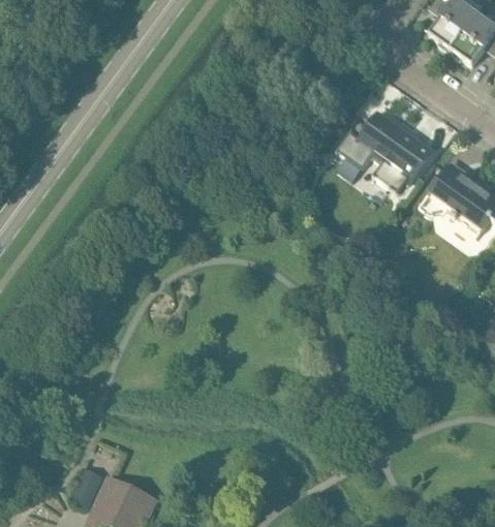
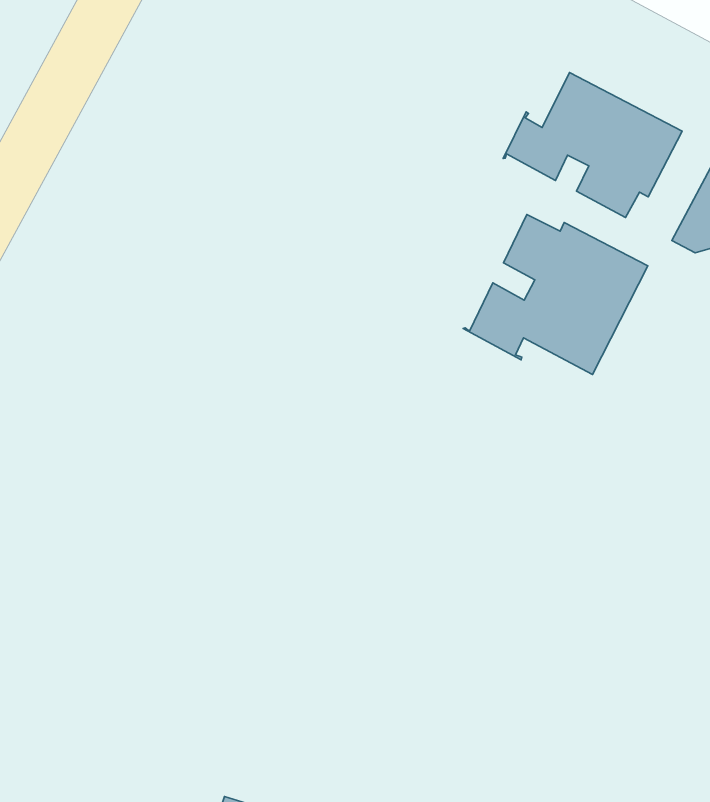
building: none -> [463,215,648,374]

